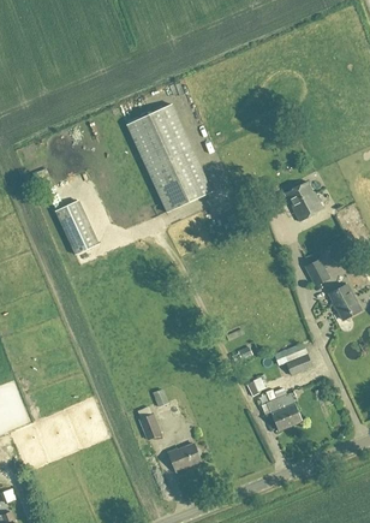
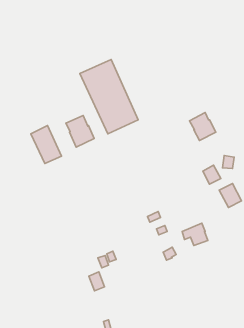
building: none -> [66,115,94,147]
building: [267,392,302,429] -> none
building: [167,442,201,471] -> none

